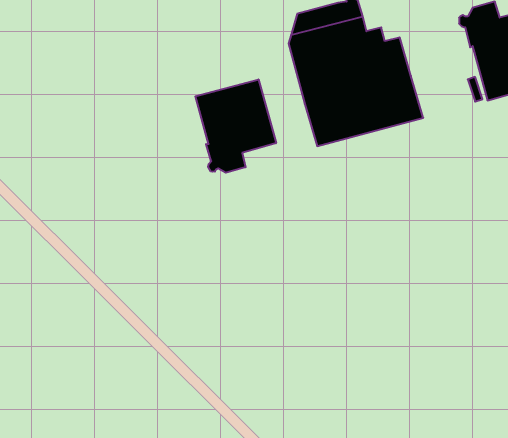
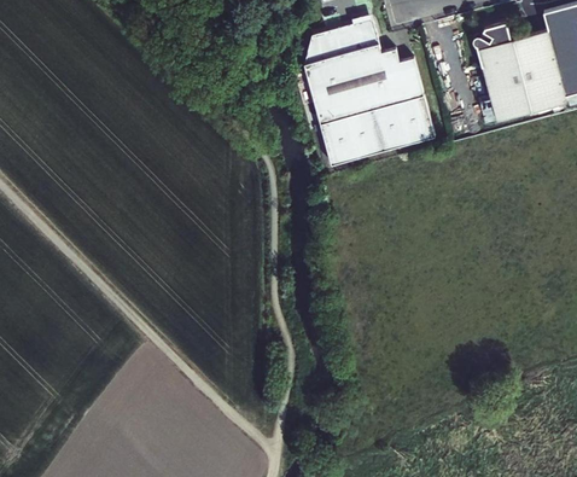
building: [195,79,276,173] -> none

